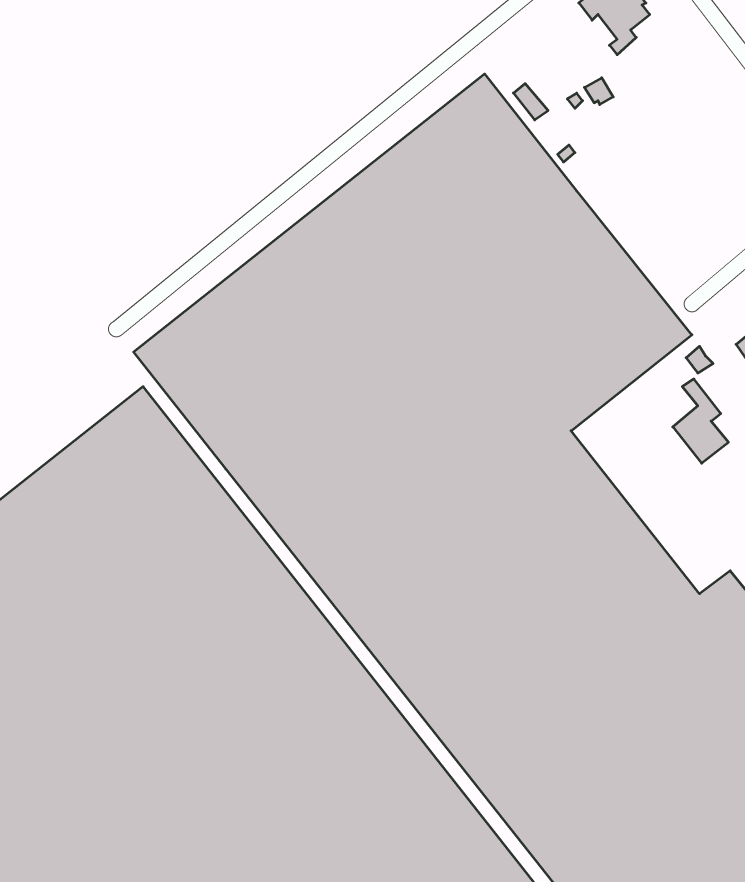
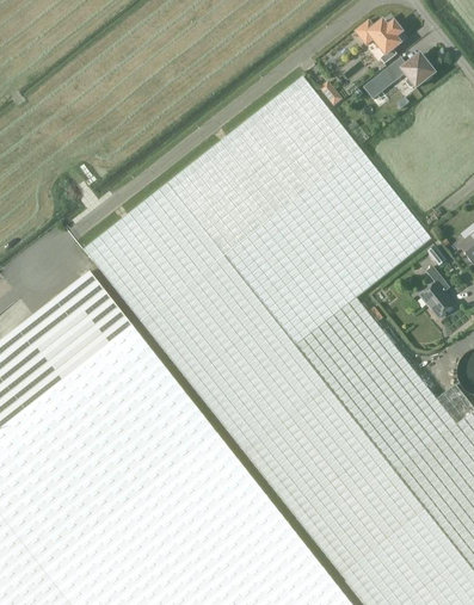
building: none -> [383,56,435,89]

